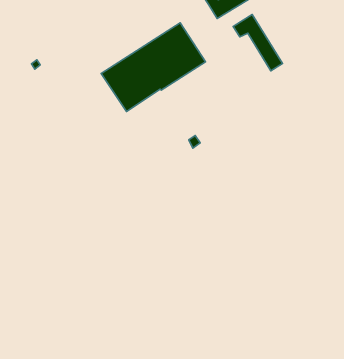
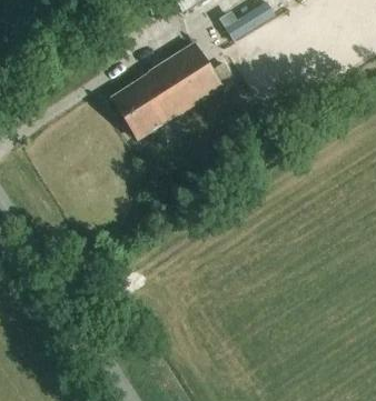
building: [233,15,283,71] -> none

